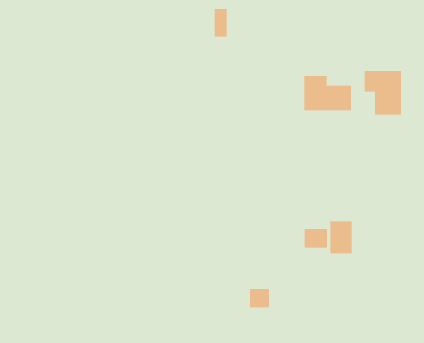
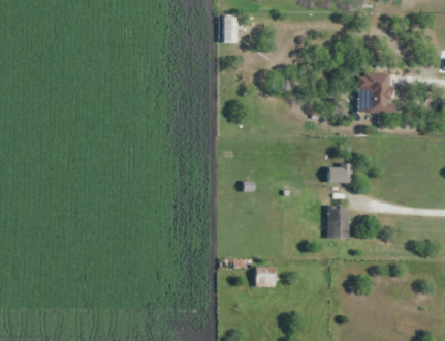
building: [304,75,352,111] -> none
building: [304,229,328,248] -> [328,163,350,181]

